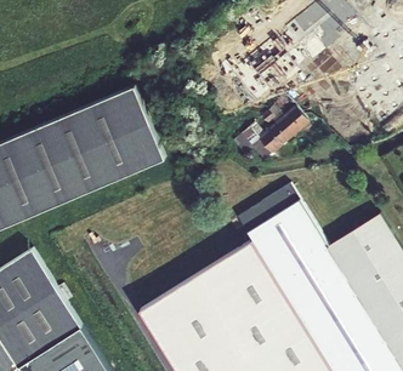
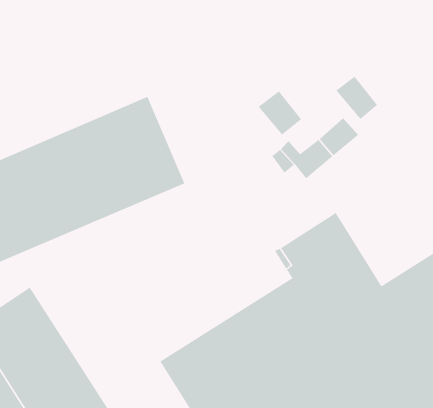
building: none -> [336,76,378,120]
building: none -> [258,91,302,136]

